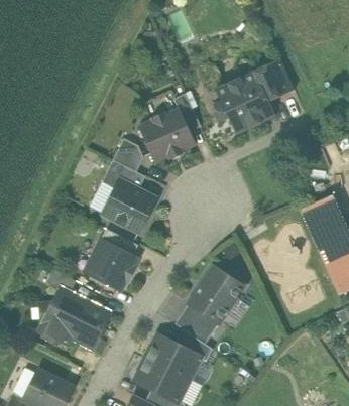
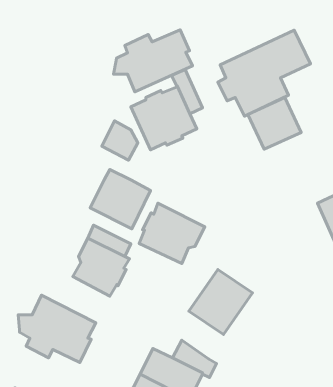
building: none -> [114,30,192,92]
building: none -> [248,98,301,149]
building: [102,160,145,189] -> none
building: none -> [139,203,205,264]
building: [176,303,219,345] -> none

